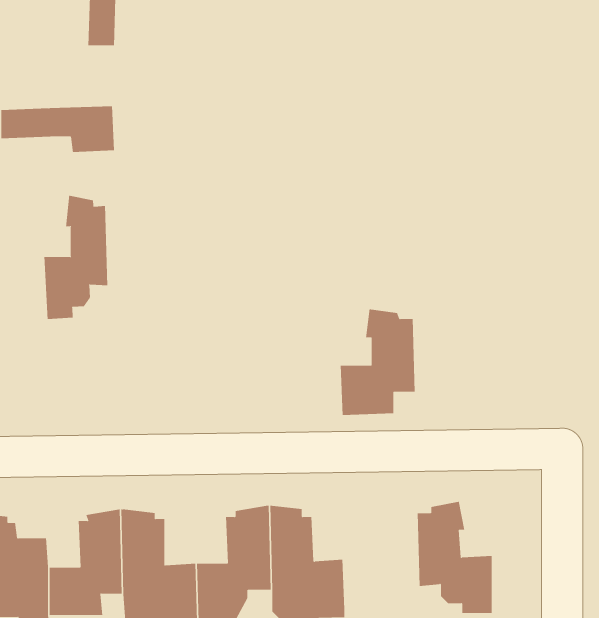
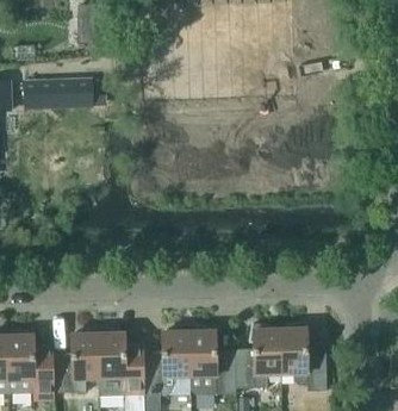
building: [44,195,108,320] -> none
building: [340,309,415,415] -> [235,323,281,388]

